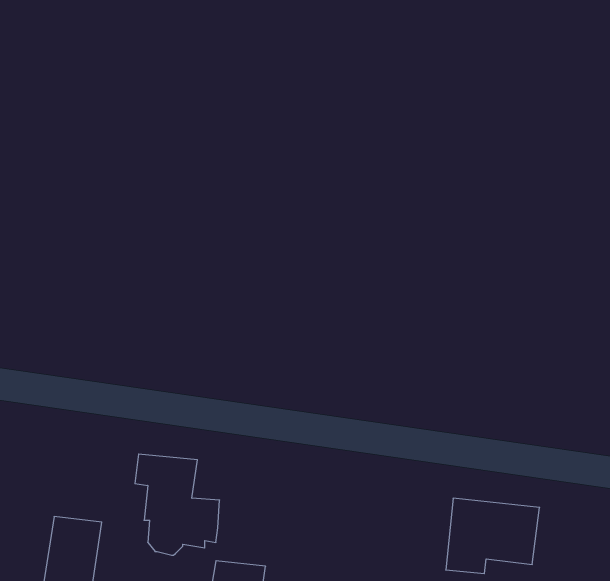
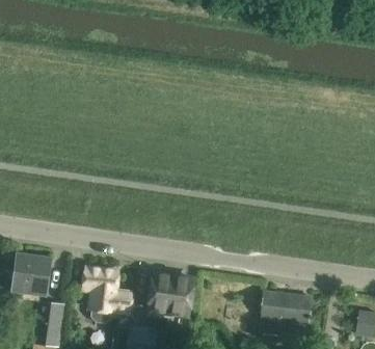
building: none -> [11,253,50,293]
building: none -> [146,272,193,314]

